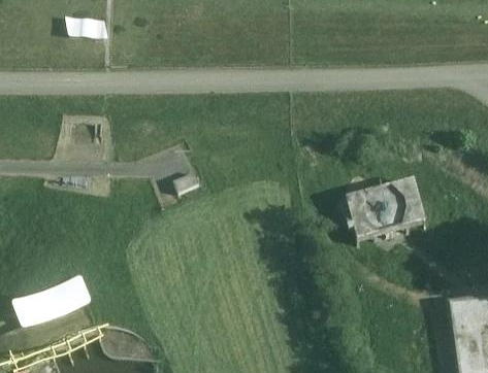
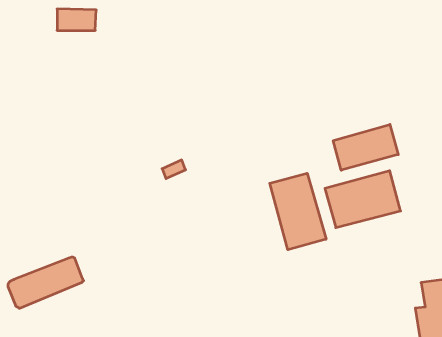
building: none -> [333,124,398,170]
building: none -> [270,173,326,250]

